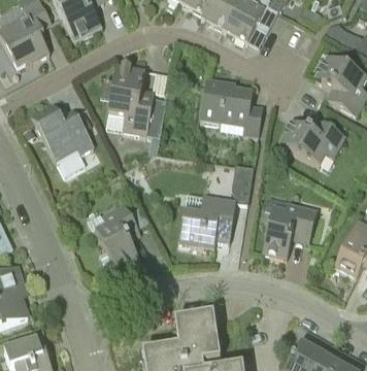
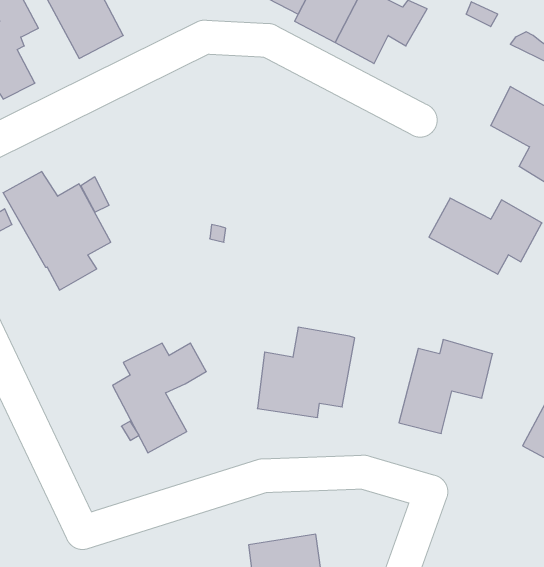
building: [107,63,153,133] -> none
building: [199,78,263,133] -> none
building: [231,163,254,201] -> none

